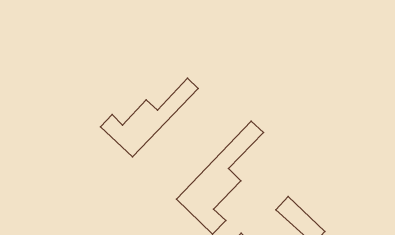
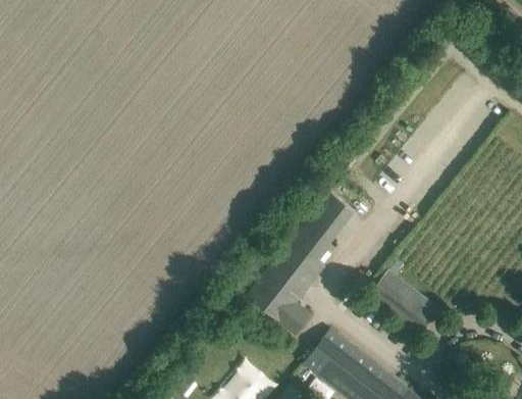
building: [100,78,198,157] -> none

